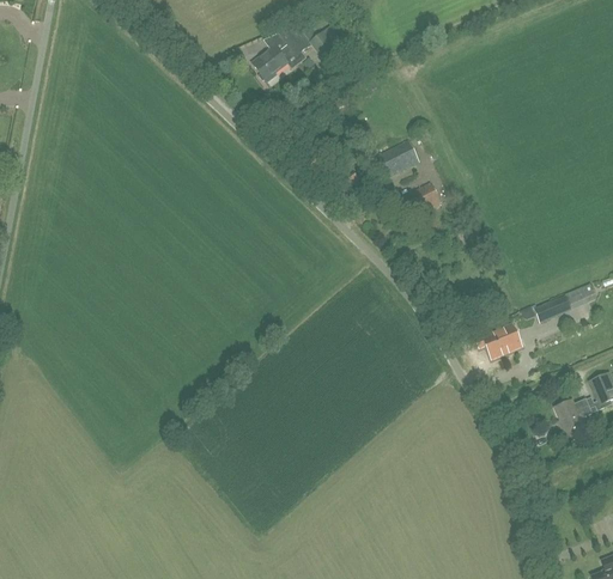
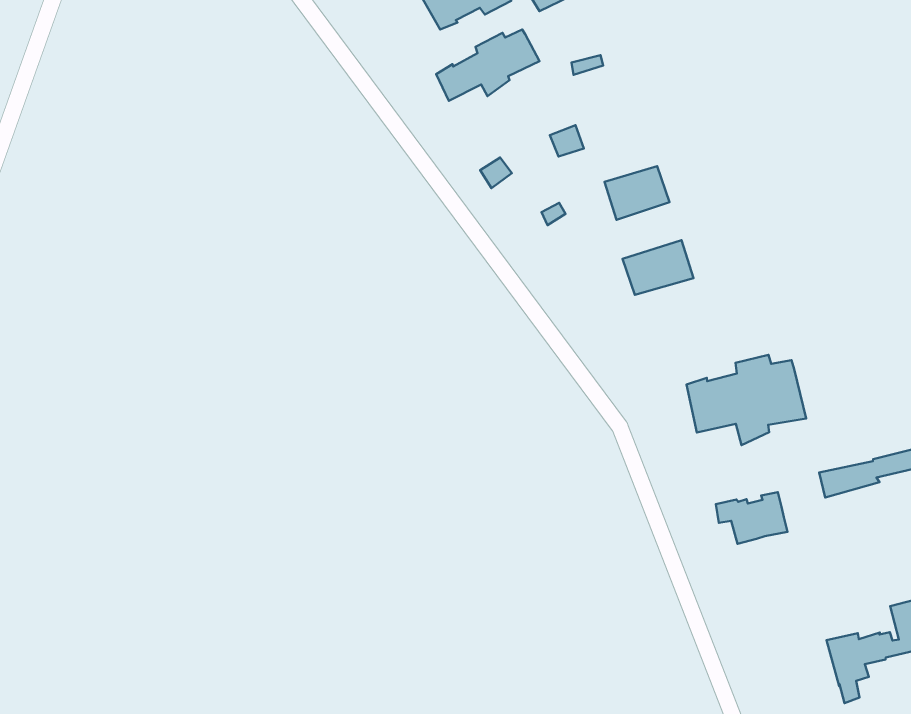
building: none -> [436,29,540,101]
building: none -> [687,355,806,445]

